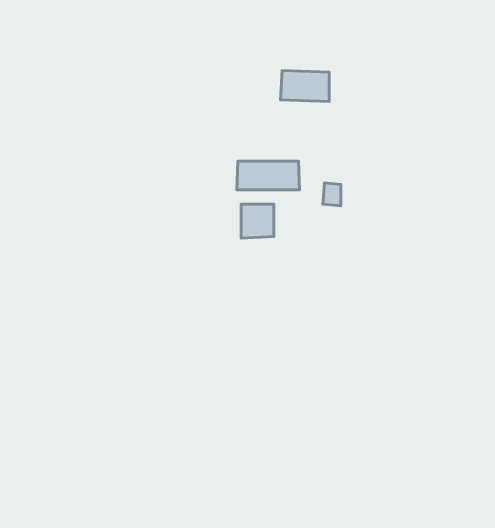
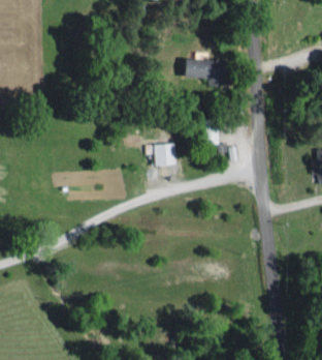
building: [237,161,299,190] -> none

